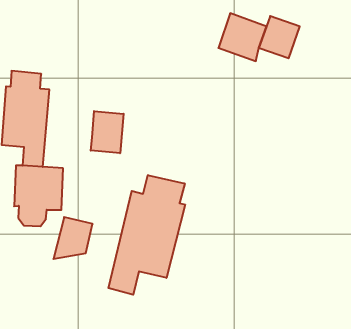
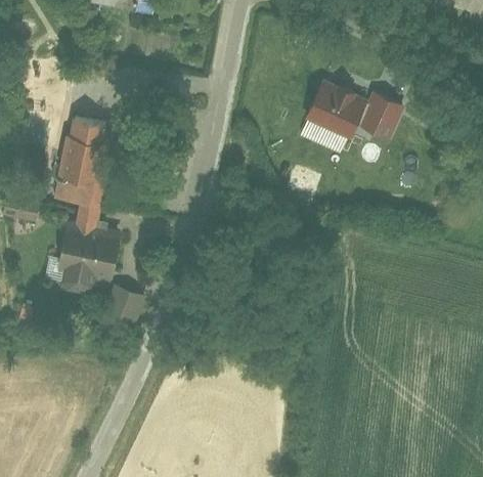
building: [91,111,124,153] -> none
building: [108,175,185,295] -> none

